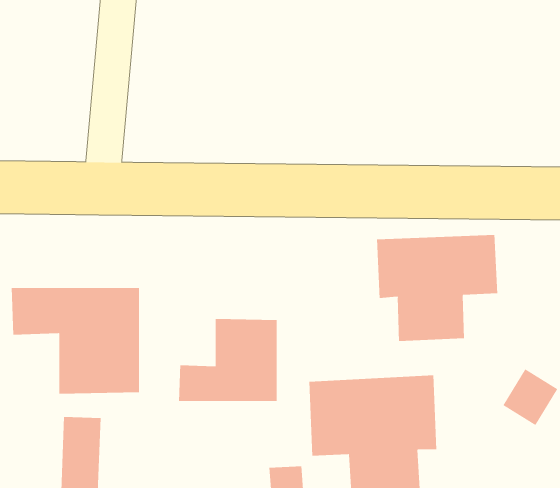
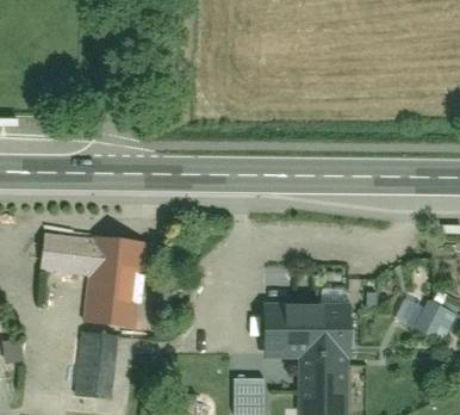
building: [376,234,498,342] -> none
building: [179,318,277,402] -> none

